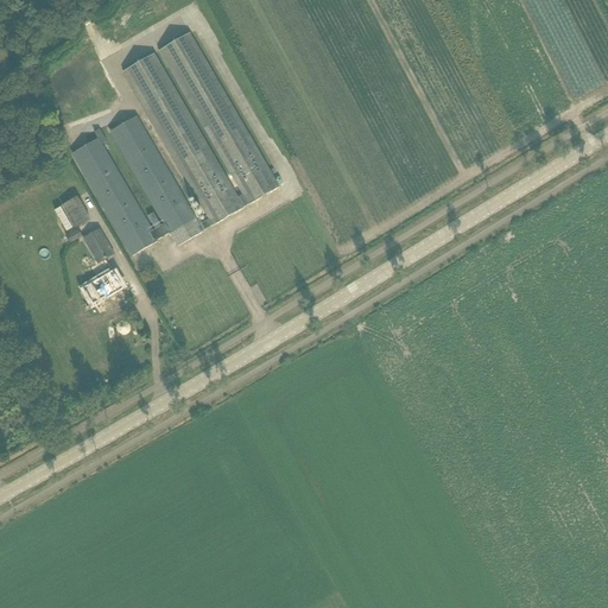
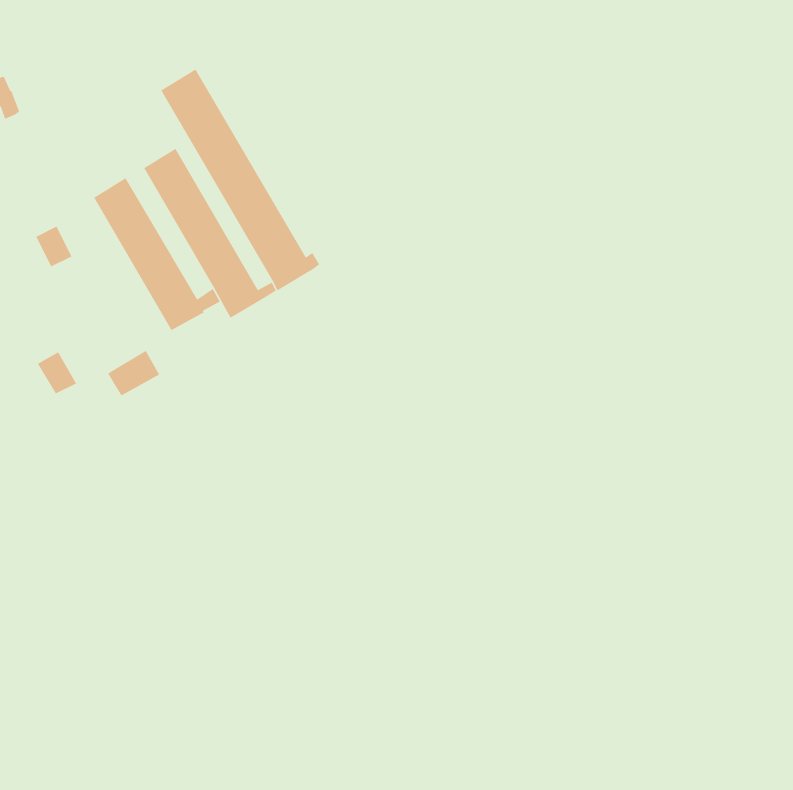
building: [157,31,277,203] -> none
building: [62,192,90,224] -> [35,226,73,268]
building: [82,226,113,259] -> [37,351,77,395]

